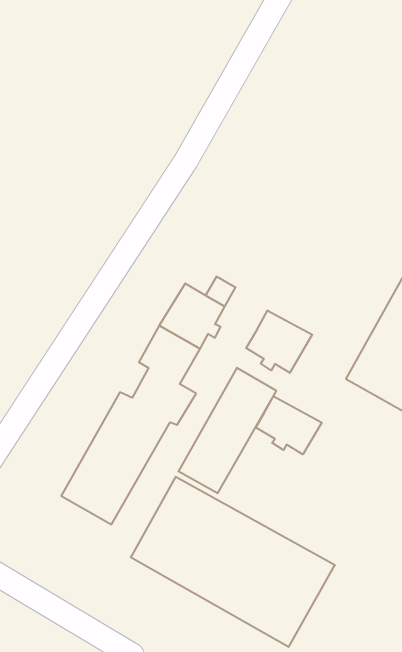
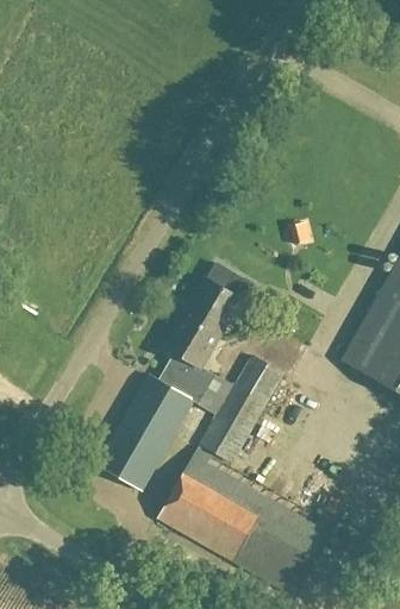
building: [246,310,312,373] -> none
building: [256,396,322,454] -> none

